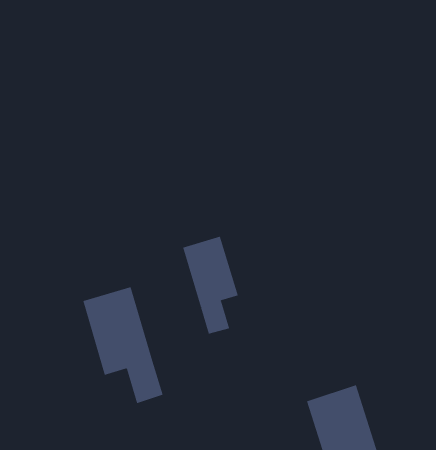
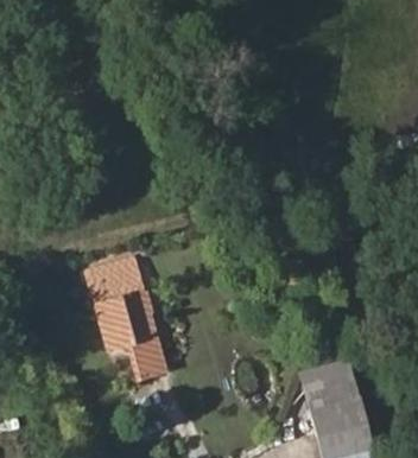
building: [182,236,238,334] -> none

